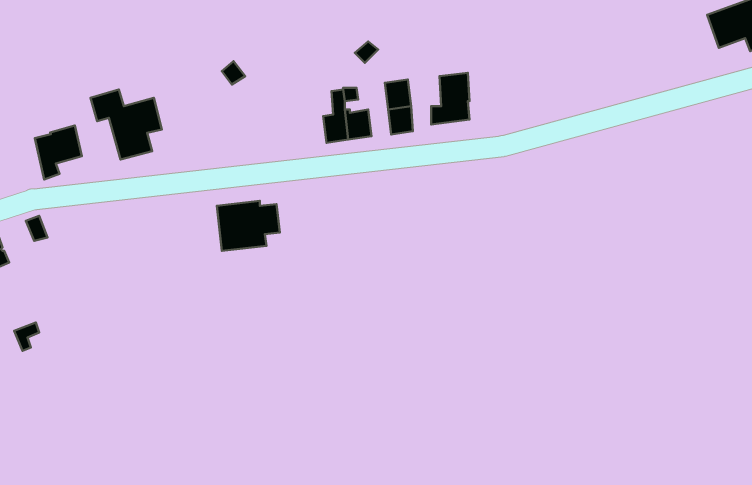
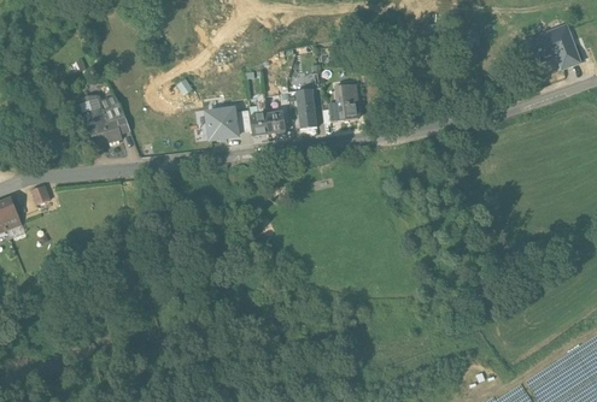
building: [35,126,82,180] -> none
building: [217,201,280,251] -> [203,108,248,144]

